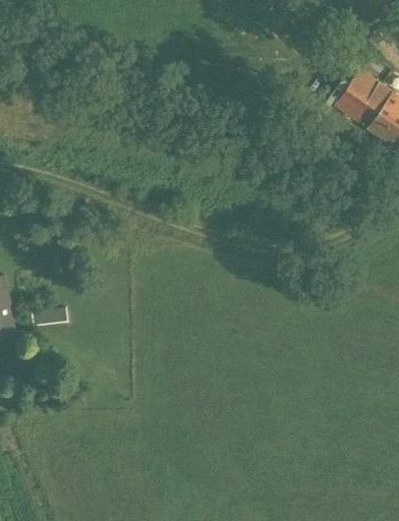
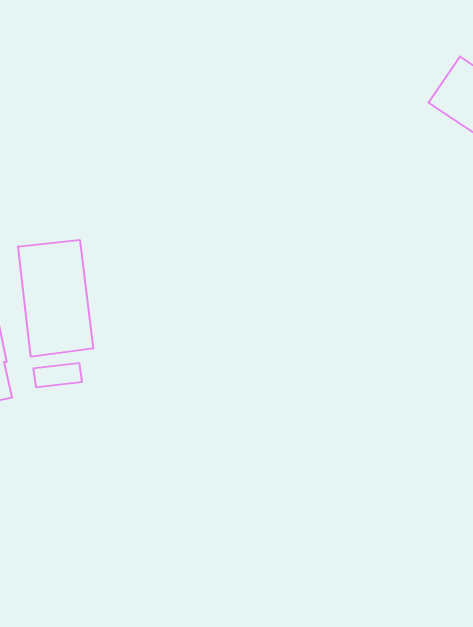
building: none -> [18,240,93,357]

